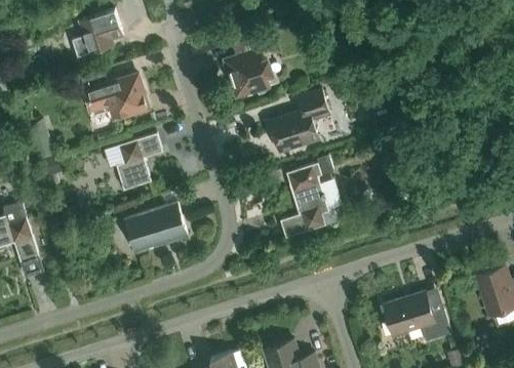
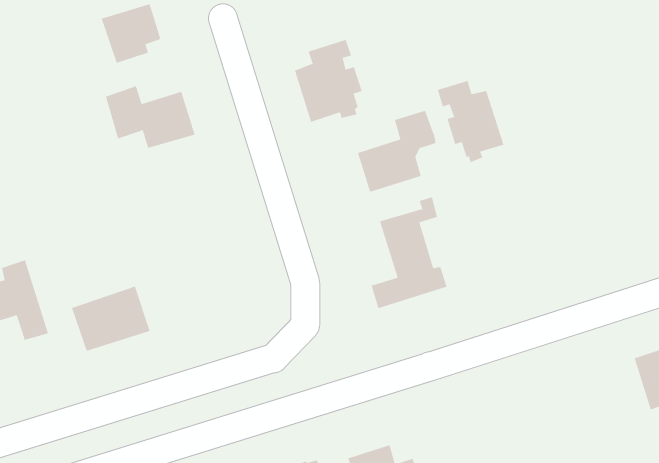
building: none -> [437,80,504,163]
building: [116,133,163,190] -> none
building: [128,202,188,251] -> [71,286,151,352]
building: [384,291,451,340] -> none

